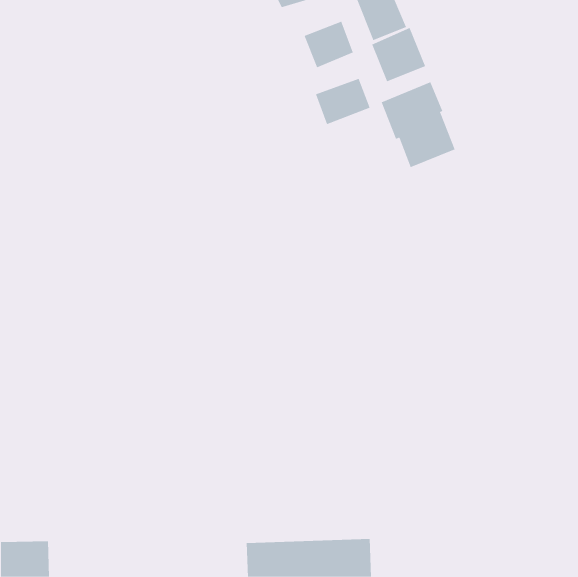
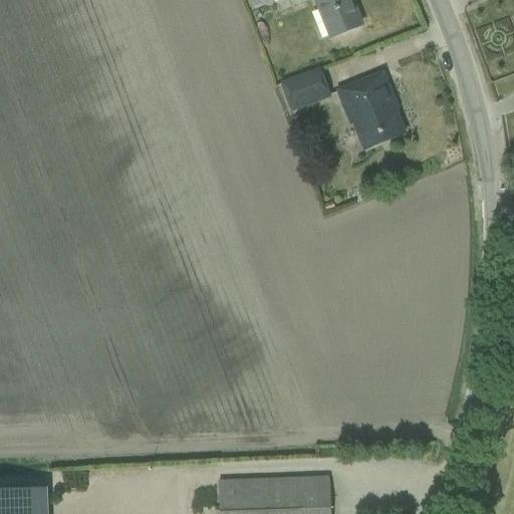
building: [304,21,354,68] -> none
building: [372,27,426,82] -> none

